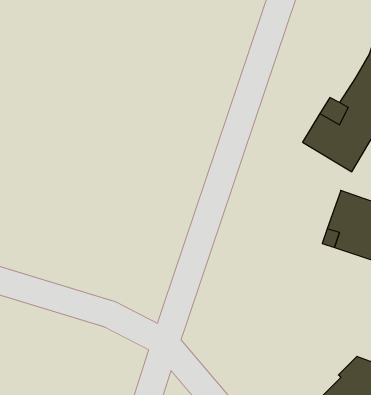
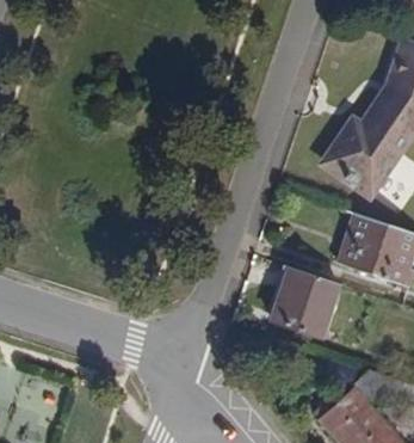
building: none -> [271,266,339,339]

